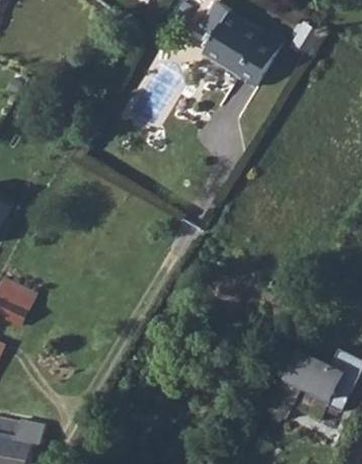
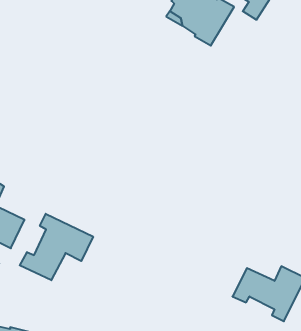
building: none -> [20,214,93,280]

